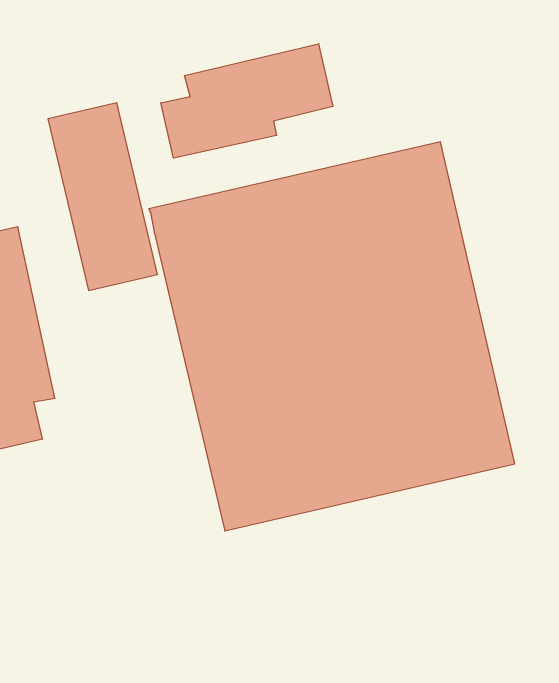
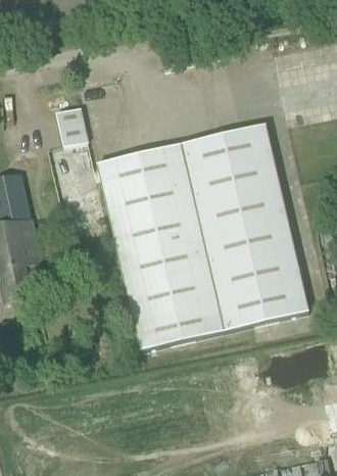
building: [161,44,333,158] -> none

